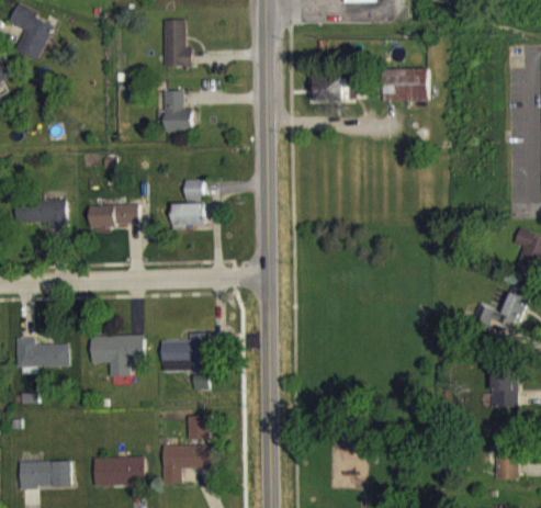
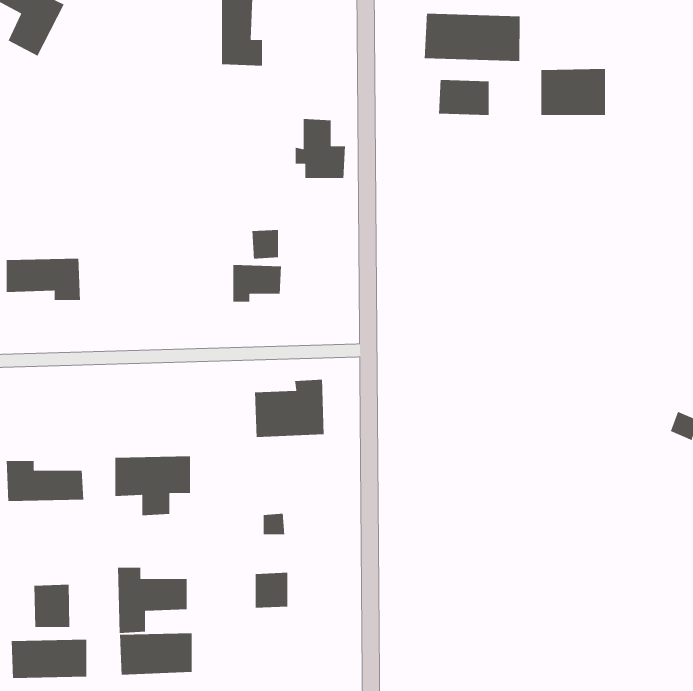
building: none -> [424,13,520,62]
building: [158,90,193,132] -> [295,118,346,179]
building: [89,204,139,226] -> none
building: [160,332,208,373] -> [254,379,324,438]
building: none -> [34,584,70,628]
building: [161,438,210,484] -> [117,567,187,634]

